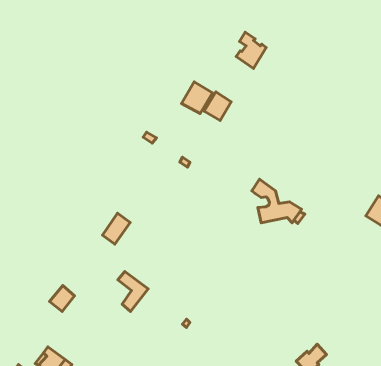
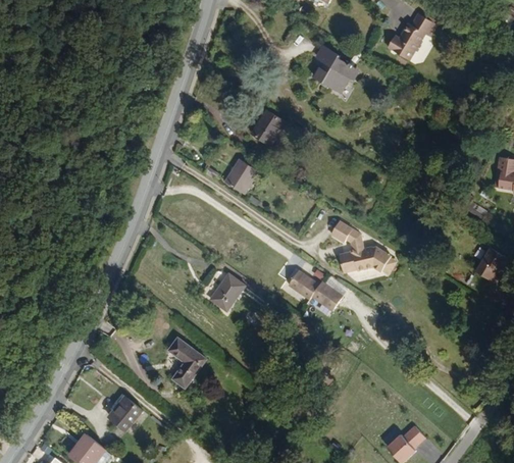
building: none -> [389,16,436,63]
building: none -> [222,163,255,198]
building: [102,213,130,244] -> [209,270,243,308]
building: none -> [288,272,342,313]
building: [50,286,75,312] -> [112,393,143,424]

